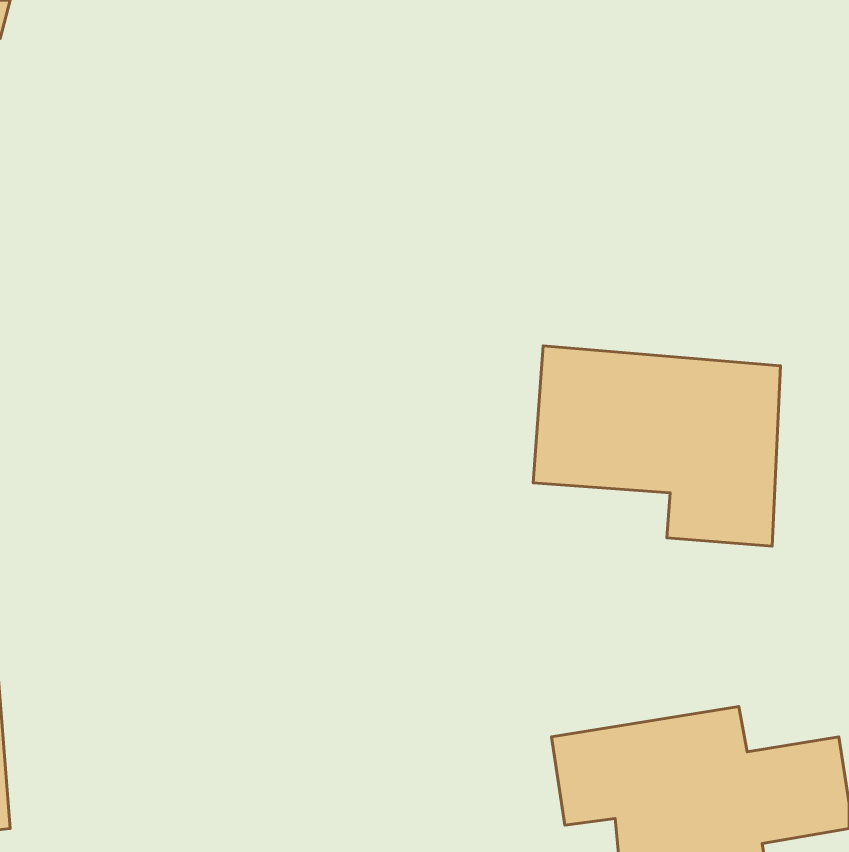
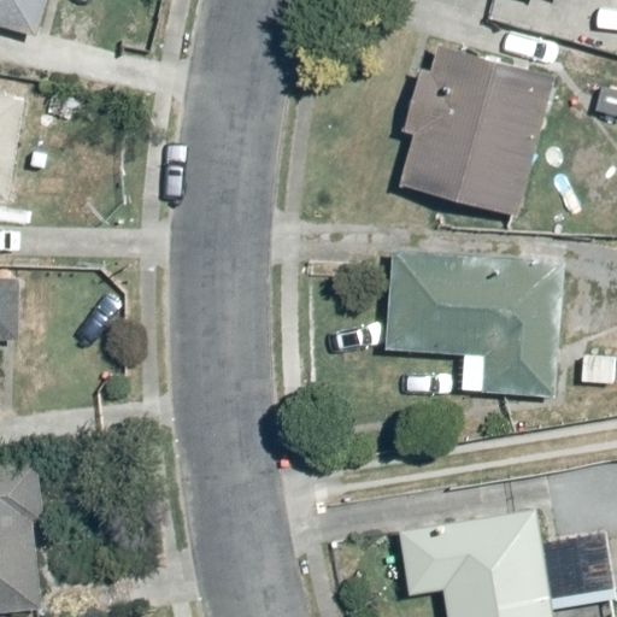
building: none -> [399,45,554,219]

